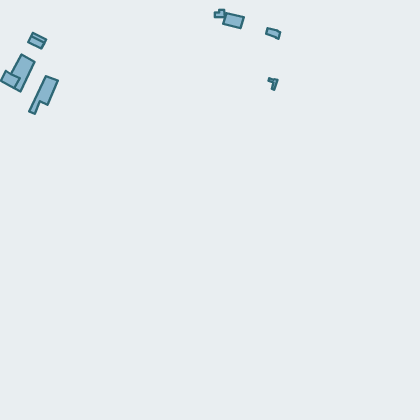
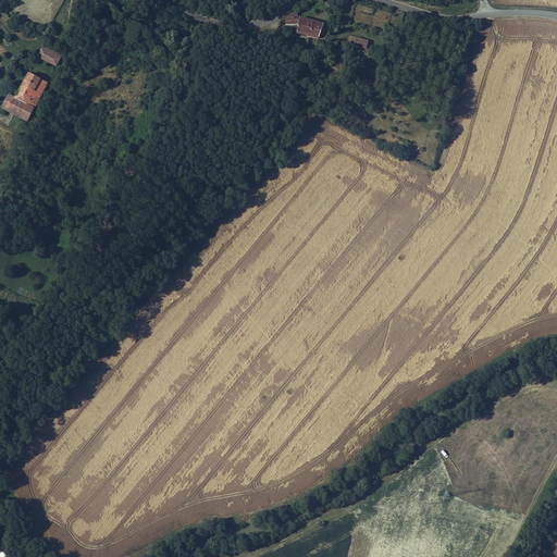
building: [29,76,58,114] -> none

